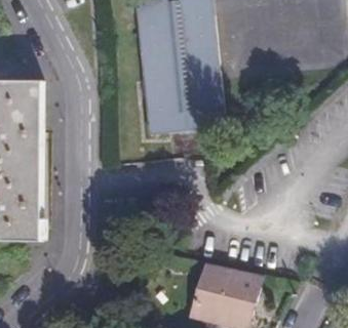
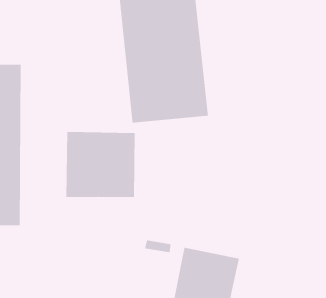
building: none -> [65,131,135,198]

